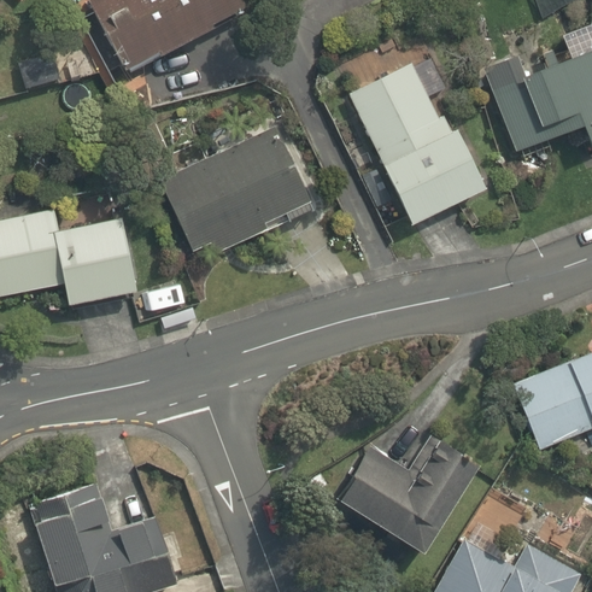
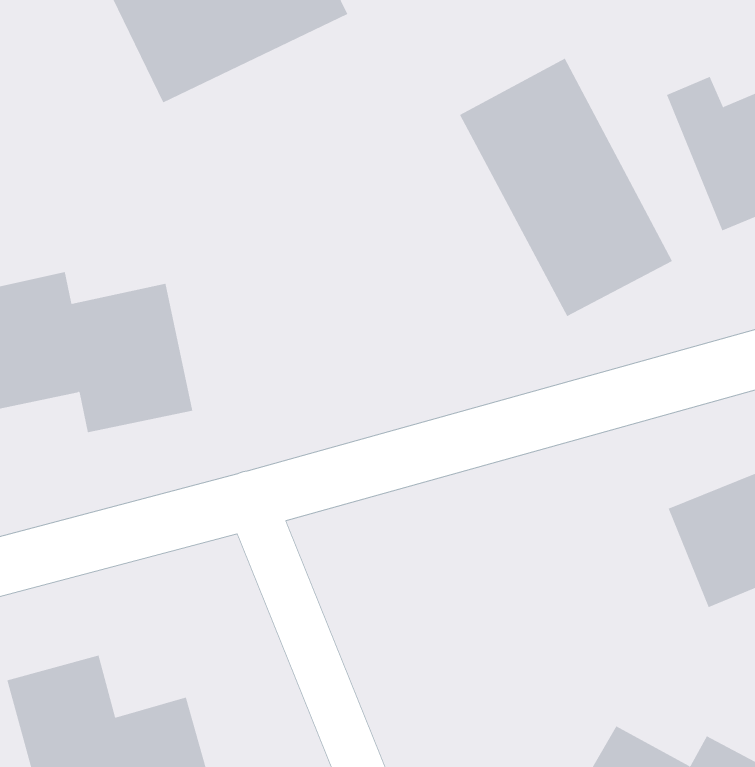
building: [170,133,326,266] -> none
building: [326,428,467,547] -> none

